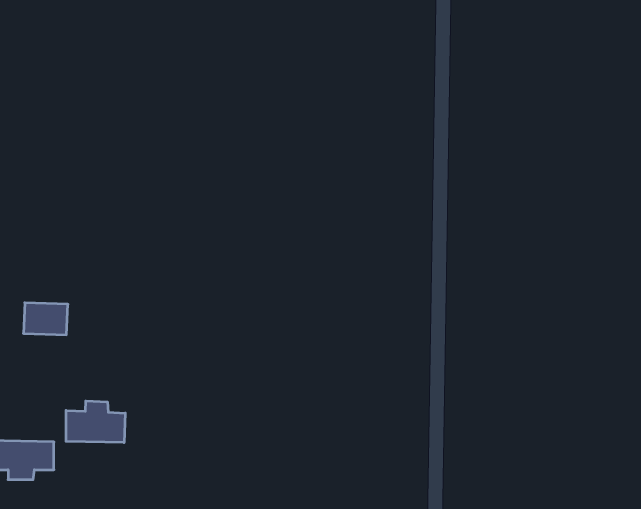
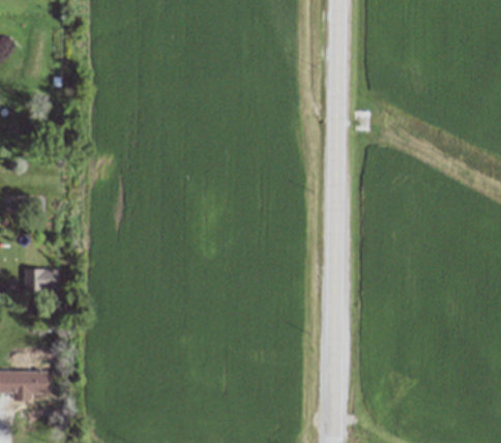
building: [66,401,125,443] -> none

